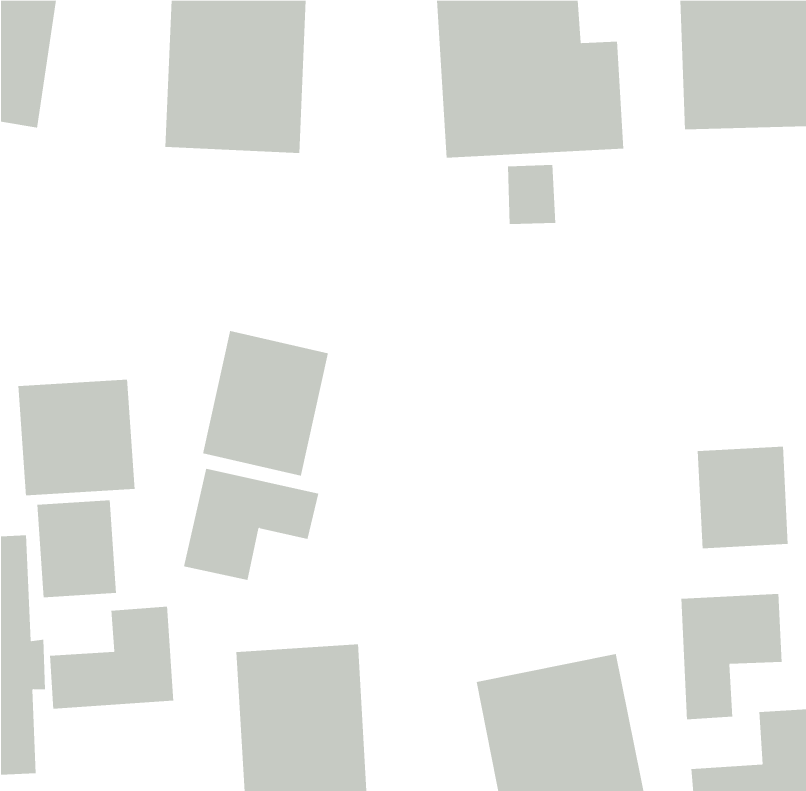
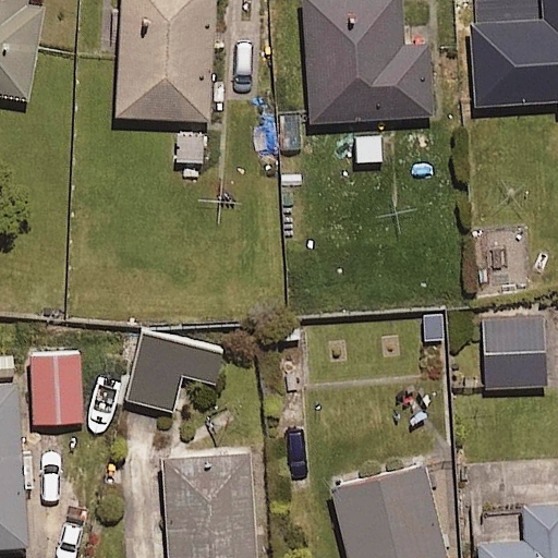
building: [202,330,329,477] -> none
building: [18,379,135,496] -> none
building: [681,593,782,720] -> none
building: [49,606,174,710] -> none

